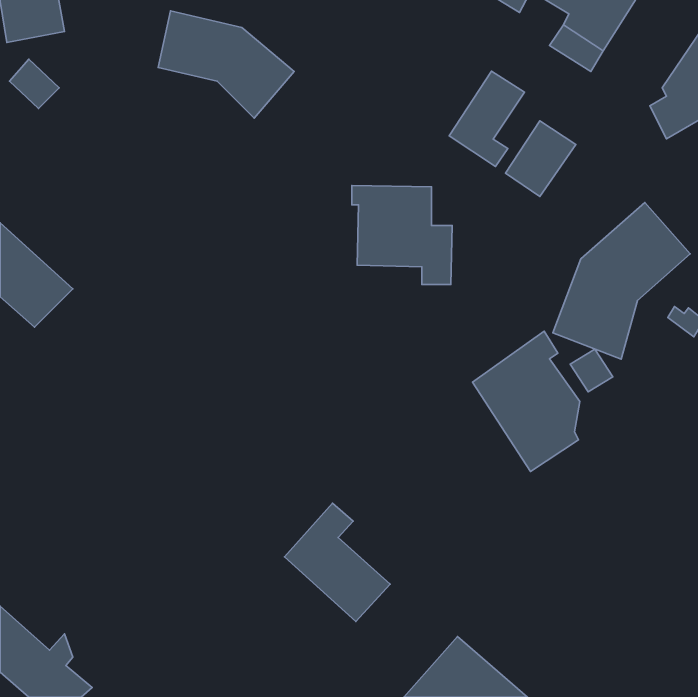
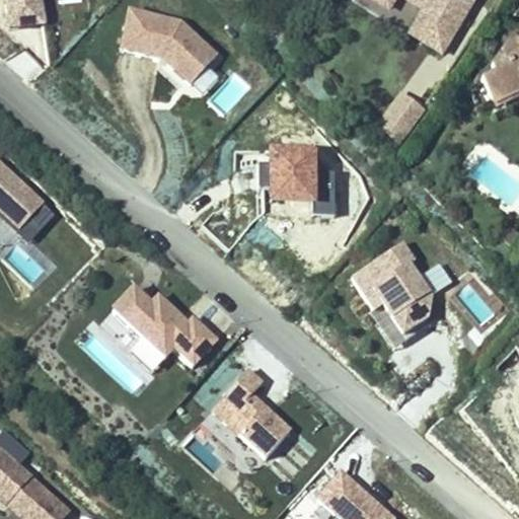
building: [449,71,524,167] -> none
building: [553,203,690,359] -> none
building: none -> [114,288,215,371]

